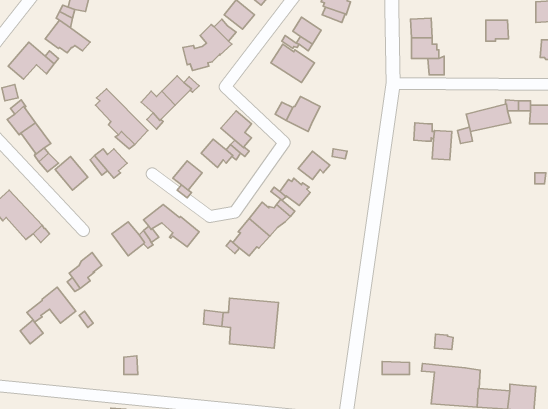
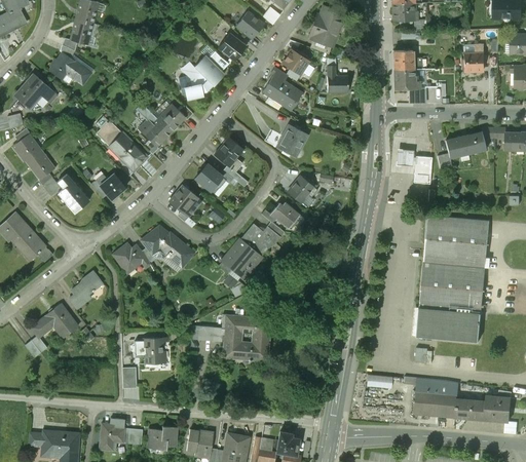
building: none -> [327,66,347,92]
building: none -> [413,216,491,345]
building: none -> [135,338,165,362]

